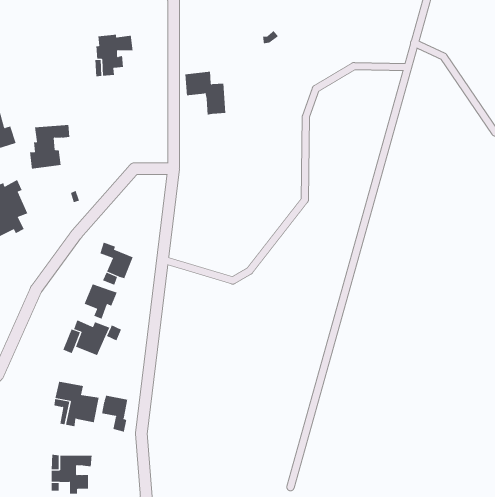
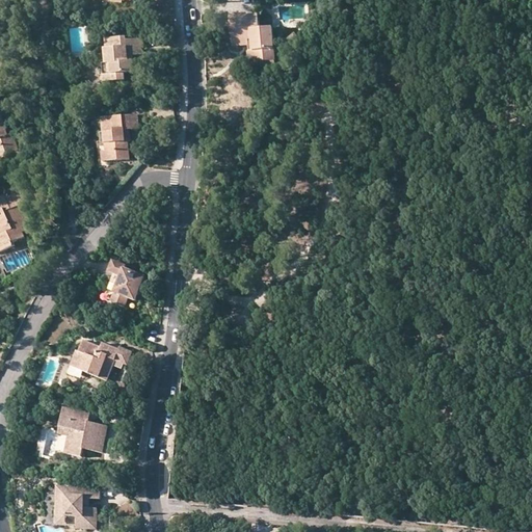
building: [184,71,226,115] -> [228,15,272,61]
building: [29,124,70,169] -> [95,114,138,162]
building: [84,283,117,319] -> none
building: [102,395,128,433] -> none

